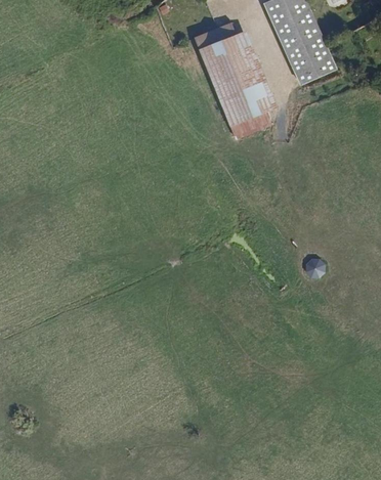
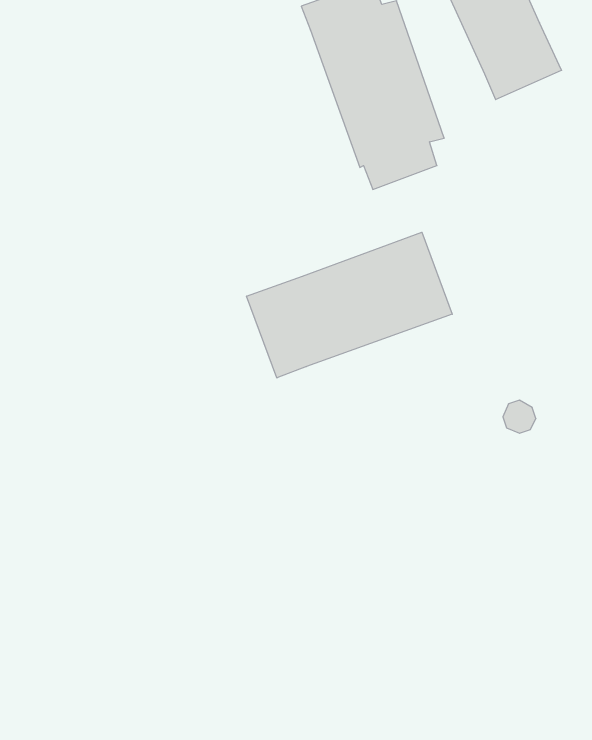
building: none -> [247,232,452,378]

